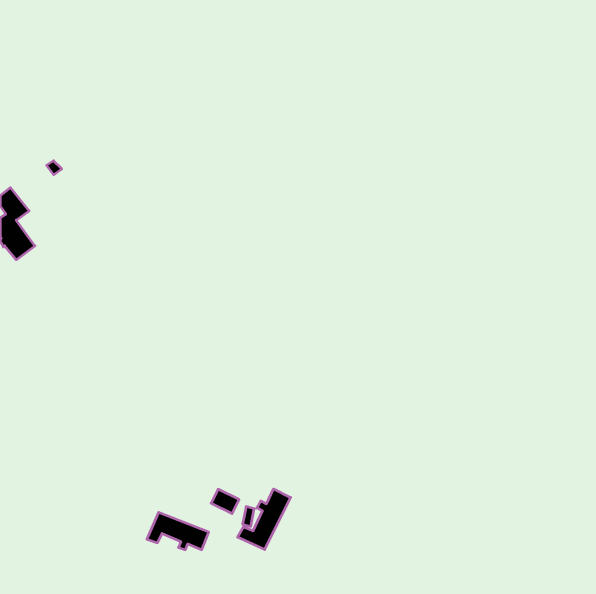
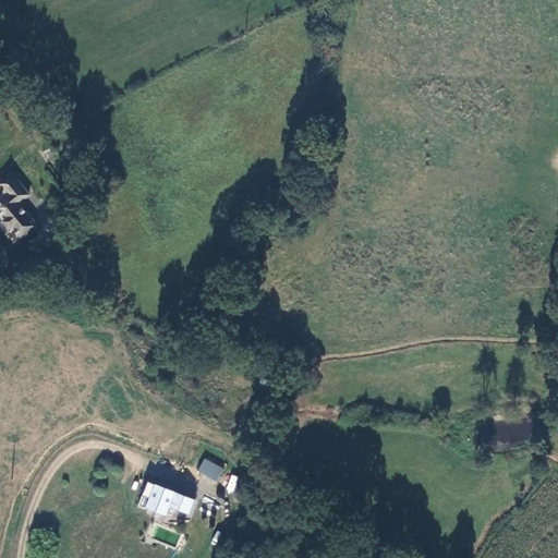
building: [238,489,291,550] -> none

